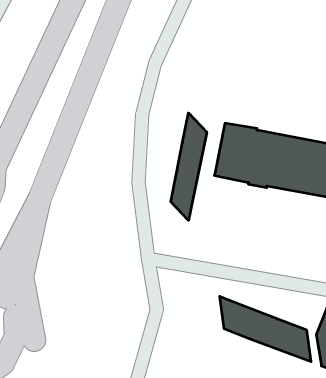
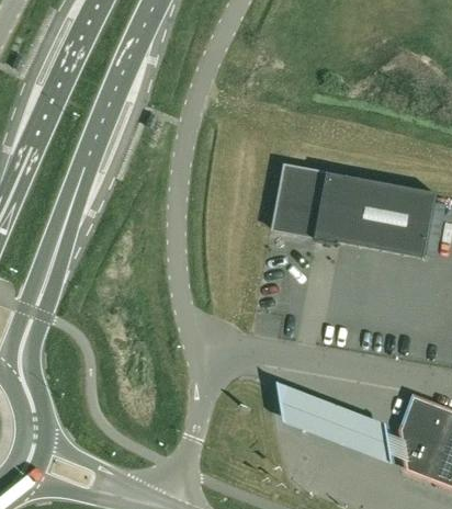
building: [171,113,207,220] -> none

